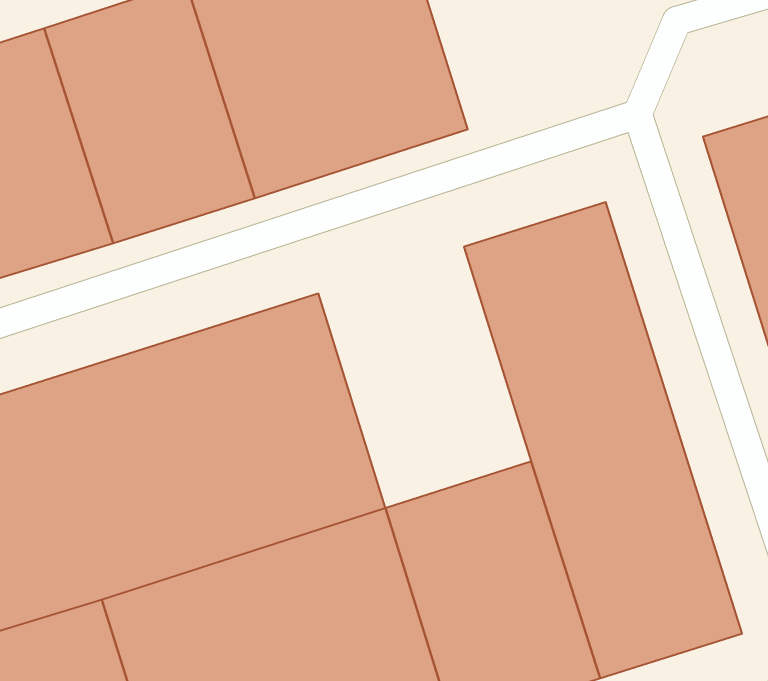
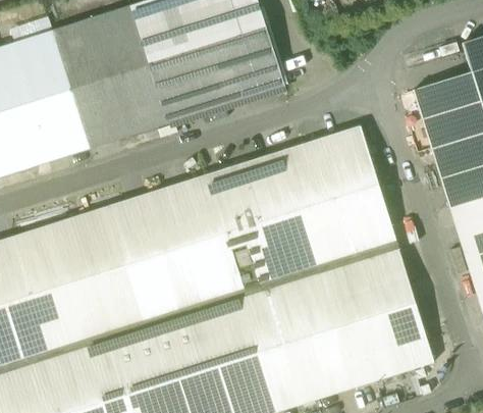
building: none -> [203,150,319,293]

